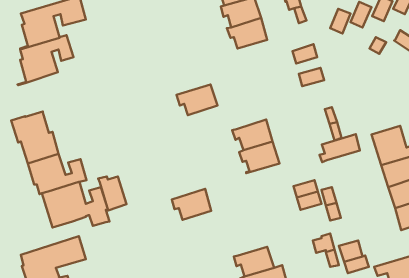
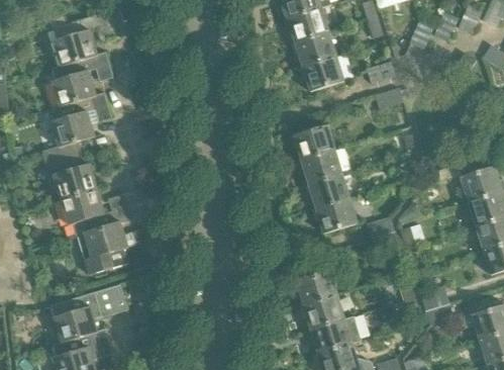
building: none -> [298,57,345,92]
building: none -> [51,91,112,146]
building: [176,84,218,115] -> [289,124,336,160]
building: [320,134,360,162] -> none
building: none -> [313,199,359,234]
building: [98,176,127,210] -> none
building: [172,189,211,220] -> [292,270,337,305]

